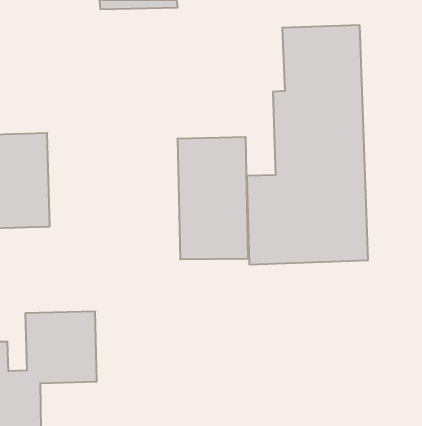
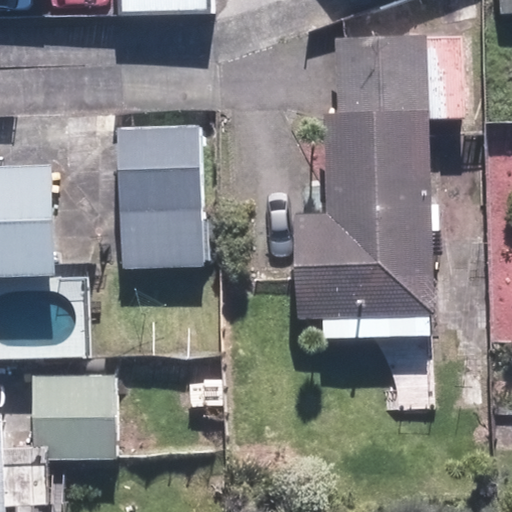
building: [177,137,248,259] -> [117,124,201,269]

